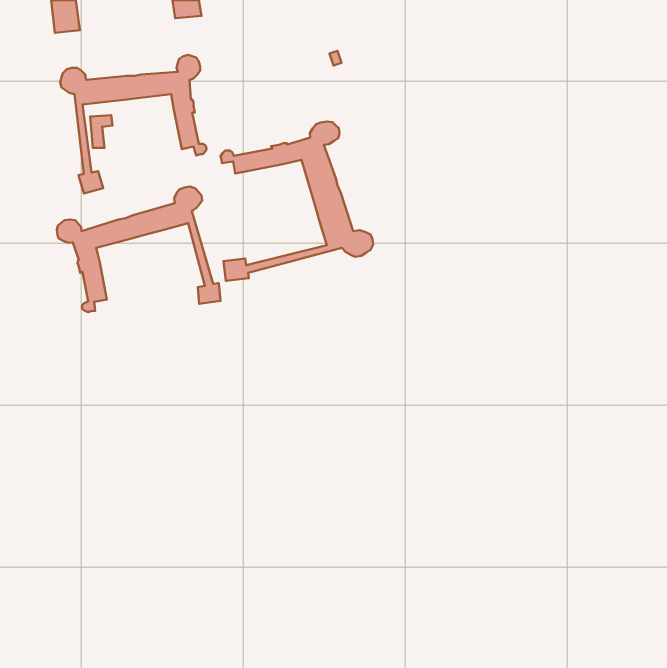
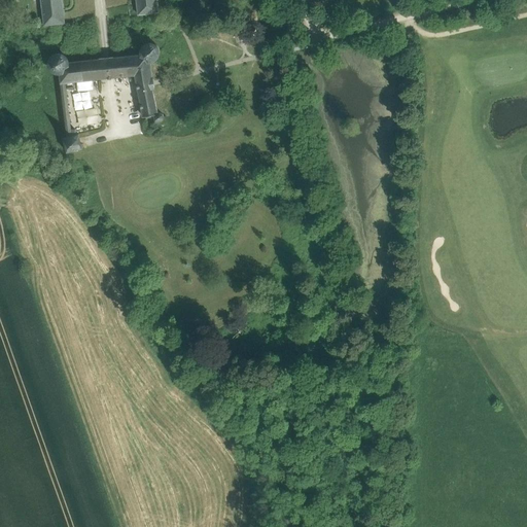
building: [220,121,373,281] -> none
building: [57,187,221,312] -> none

